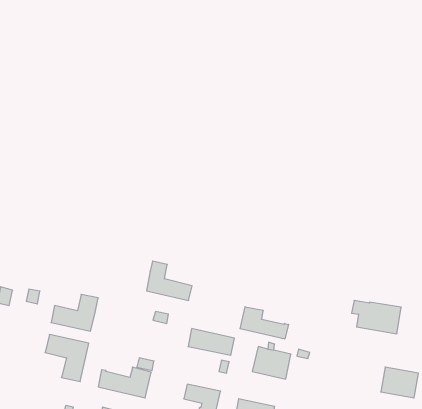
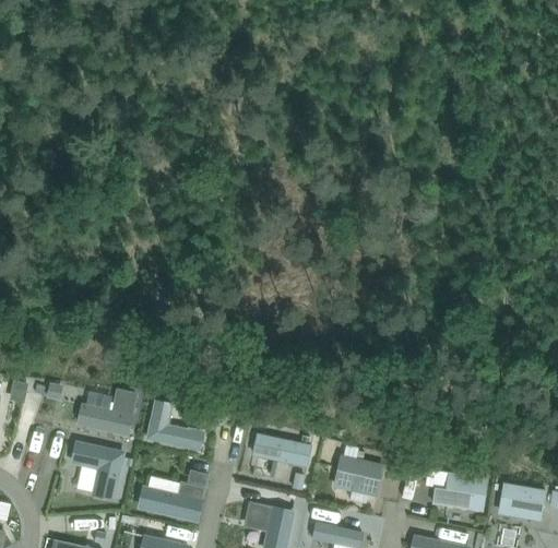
building: [147,261,192,300] -> [146,400,204,450]
building: [352,300,401,334] -> [425,469,488,512]
building: [240,307,289,339] -> none

